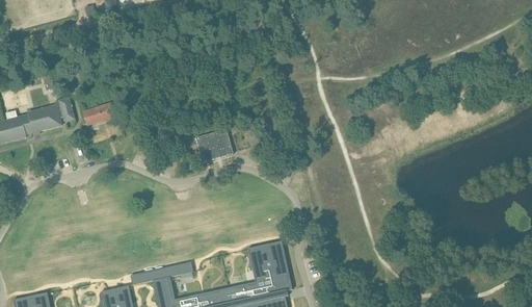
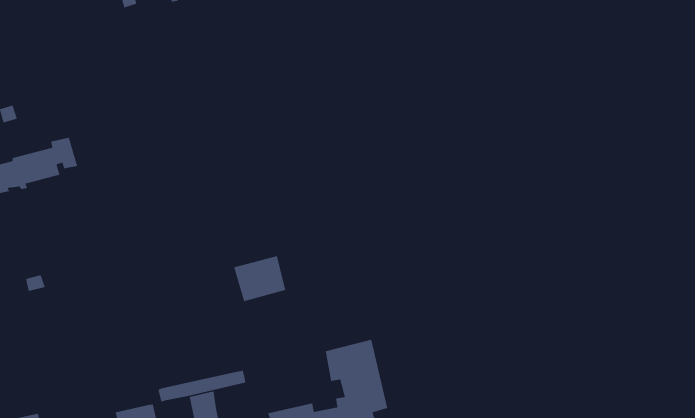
building: [83,103,114,125] -> none
building: [194,129,232,162] -> [233,255,286,302]

